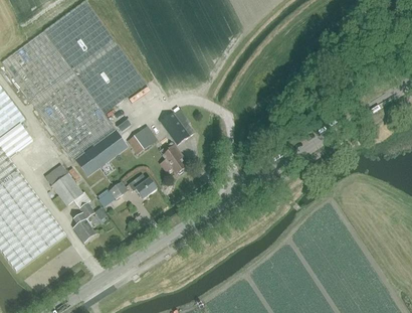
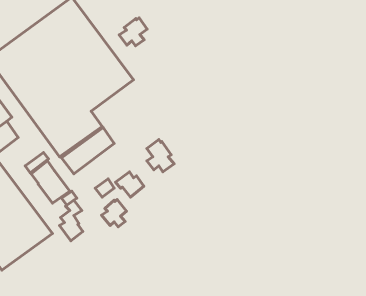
building: none -> [119,18,147,46]
building: [160,113,193,145] -> none
building: [127,126,156,154] -> none
building: none -> [101,200,127,227]

